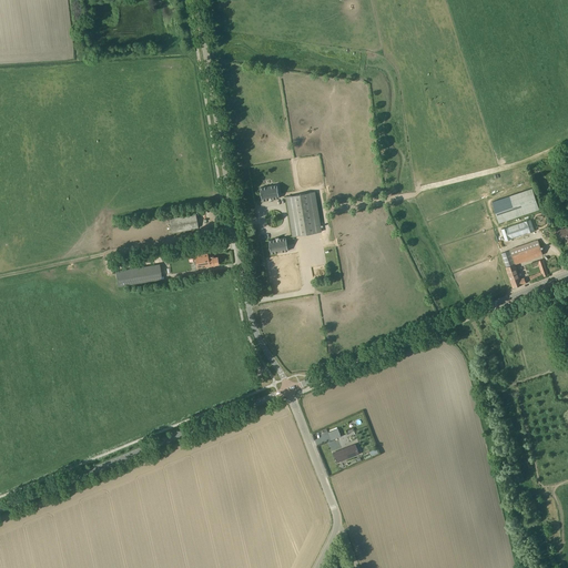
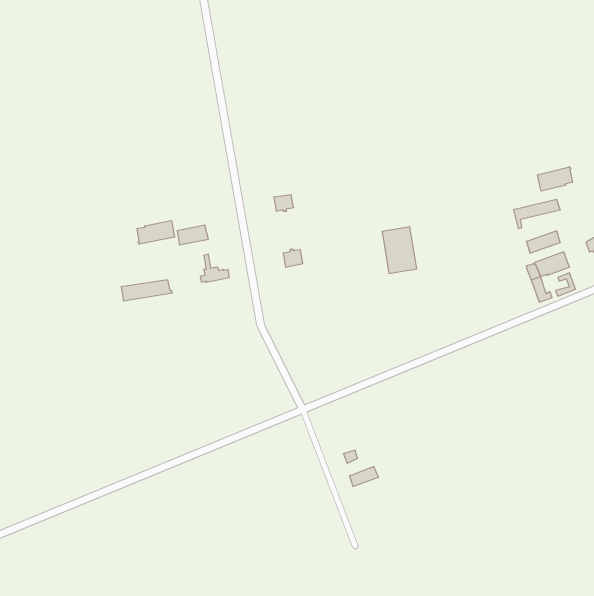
building: none -> [538,167,573,191]
building: [288,192,322,236] -> [382,227,417,273]
building: none -> [137,221,174,244]

